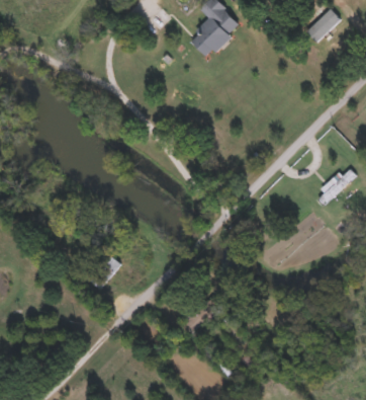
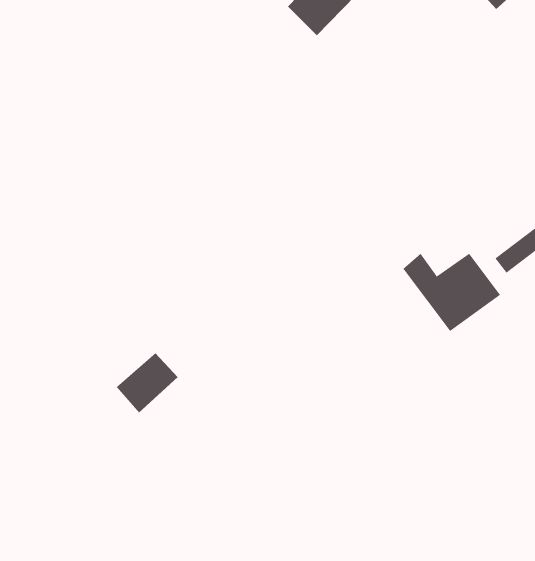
building: none -> [402,253,501,332]

